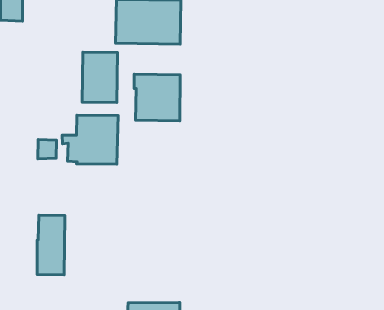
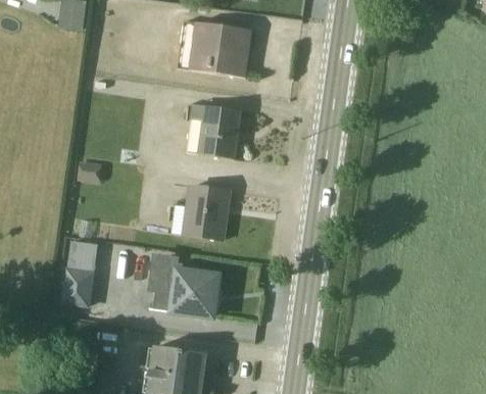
building: [82,52,117,102] -> none
building: [62,115,118,164] -> [168,183,232,241]
building: none -> [147,252,217,315]

